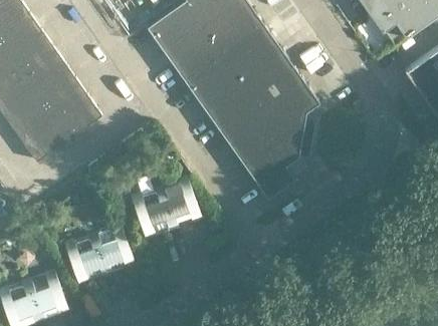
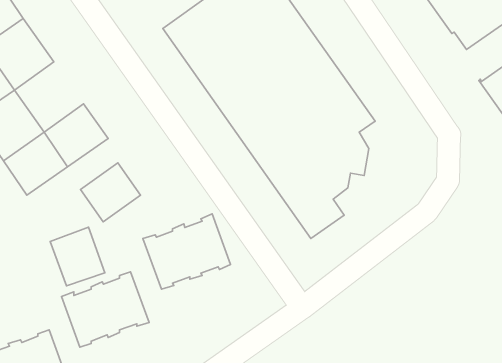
building: [25,54,81,111] -> none
building: none -> [81,163,140,222]
building: none -> [50,227,105,286]

